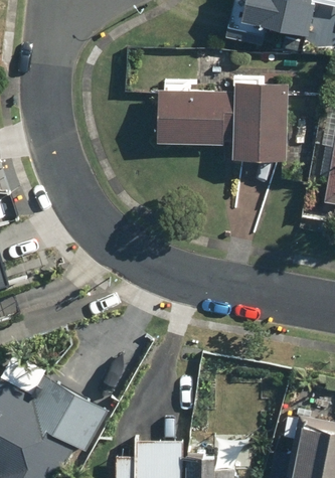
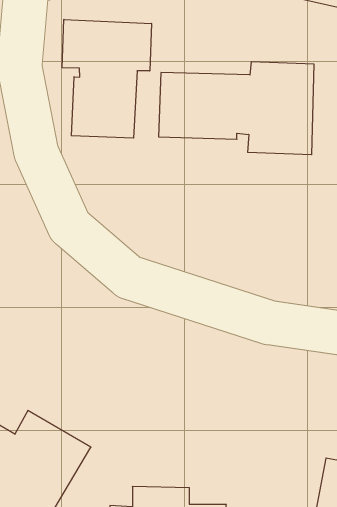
building: none -> [62,19,151,138]

